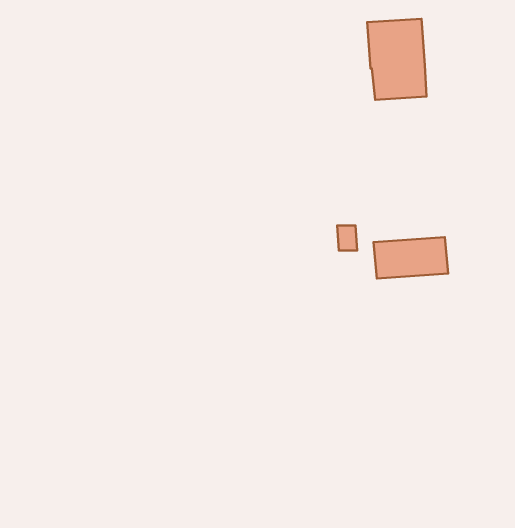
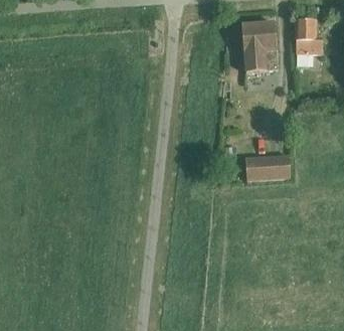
building: none -> [296,18,323,52]

